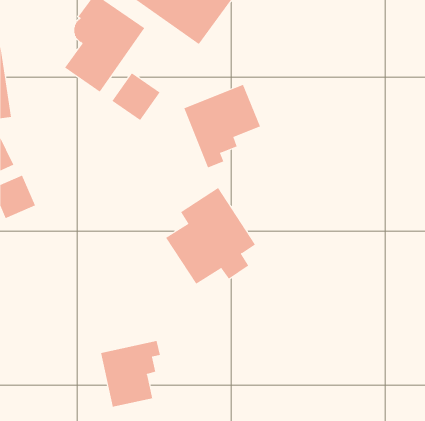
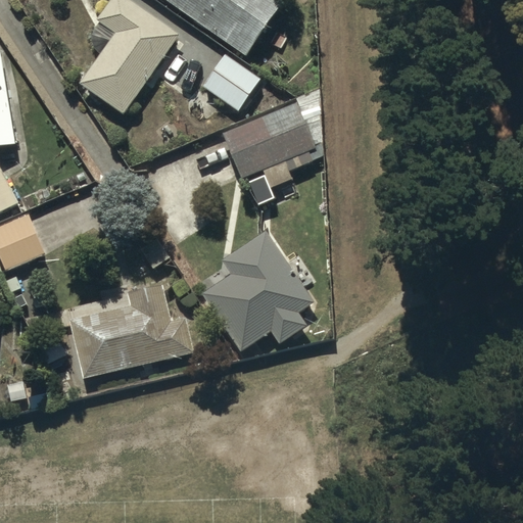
building: [111,73,161,121] -> [201,51,262,110]
building: none -> [67,285,191,378]
building: [100,340,160,407] -> none

